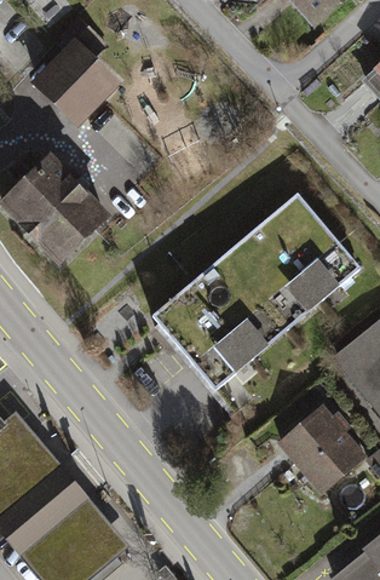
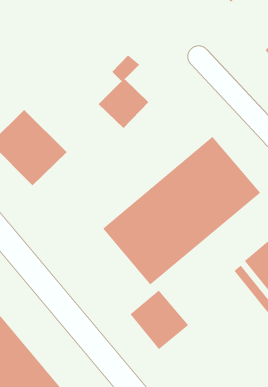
building: [41,21,109,119] -> [98,54,149,129]
building: [283,409,362,489] -> [129,289,189,350]

